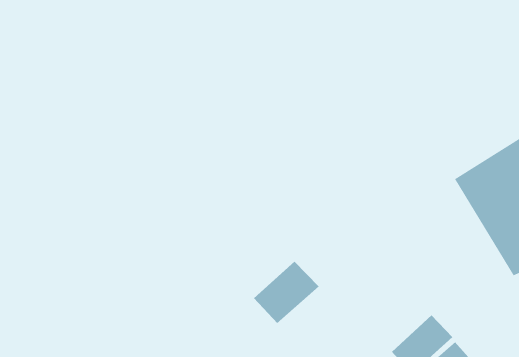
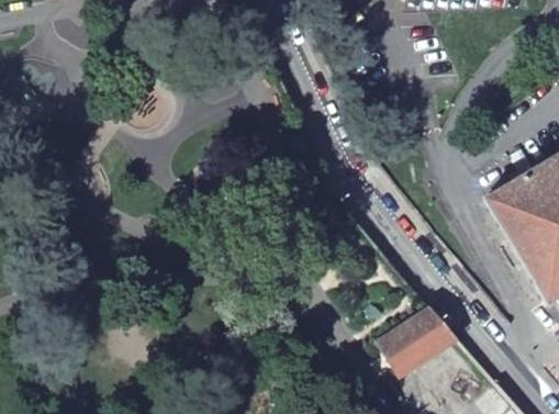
building: [253,261,319,324] -> [385,307,456,374]

